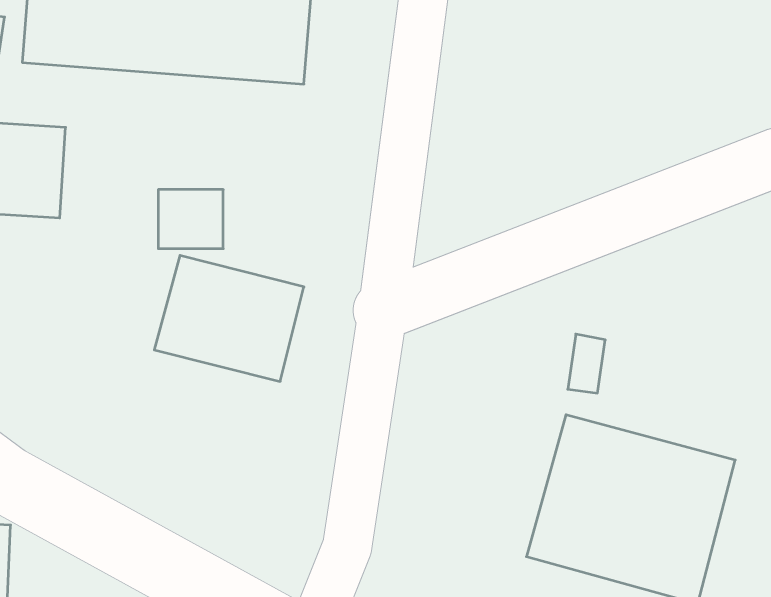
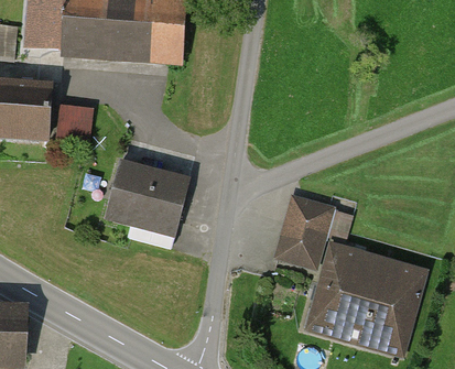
building: [158,190,223,249] -> [58,101,95,134]
building: none -> [278,203,335,270]

